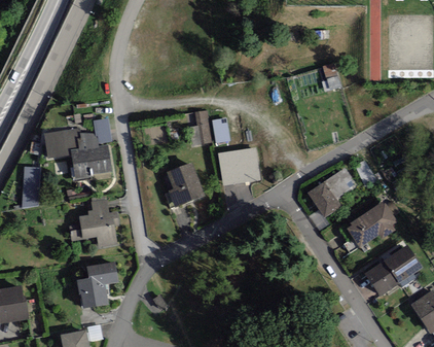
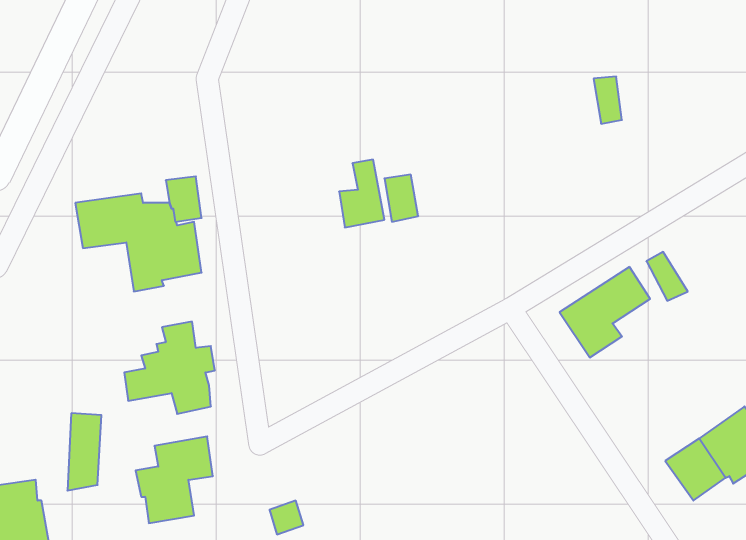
building: [218,147,260,185] -> none
building: [167,162,206,208] -> none
building: [23,166,41,208] -> [67,413,101,491]
building: [346,200,399,247] -> none

